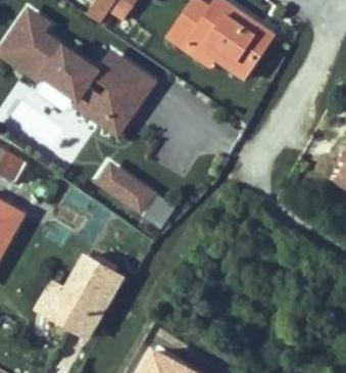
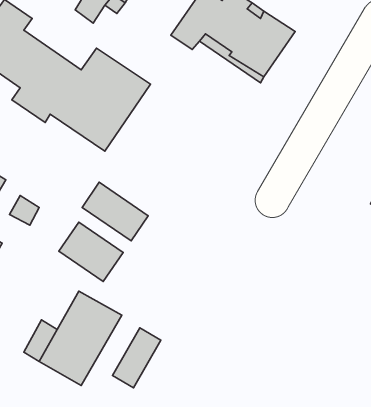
building: none -> [59,222,123,282]
building: none -> [113,328,161,388]

